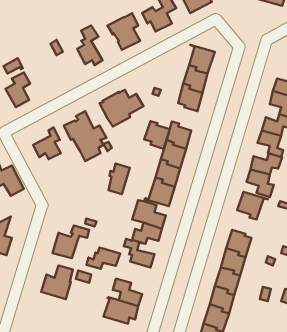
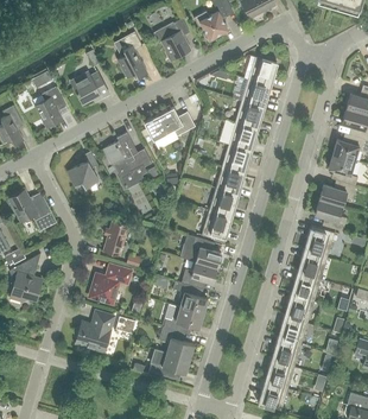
building: none -> [70,71,109,102]
building: [144,121,170,149] -> [228,122,258,154]
building: [109,164,130,194] -> [103,220,128,255]
building: none -> [298,247,326,279]
building: [86,247,120,269] -> [164,306,203,331]

